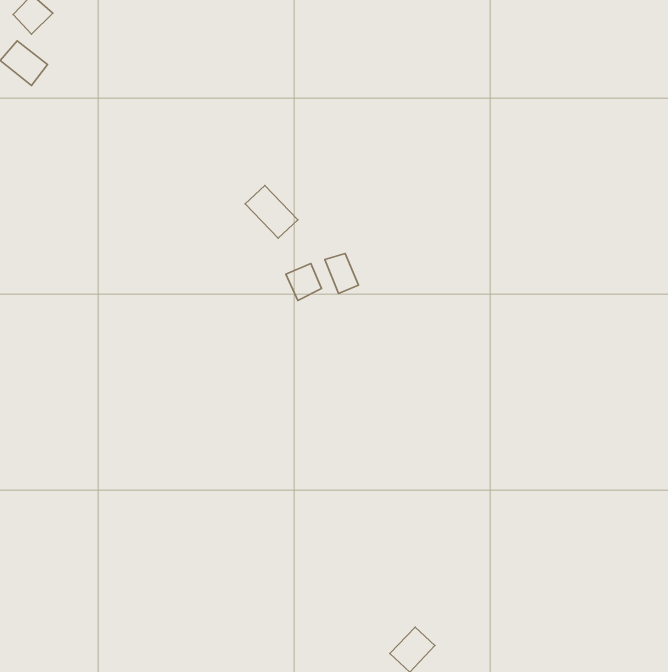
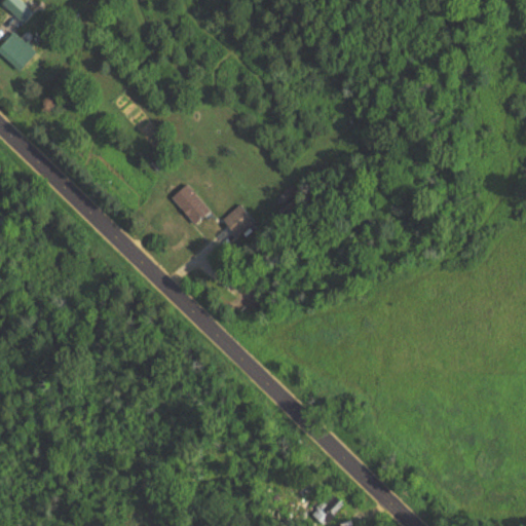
building: [245,185,298,238] -> [168,184,210,225]
building: [325,253,359,294] -> none

